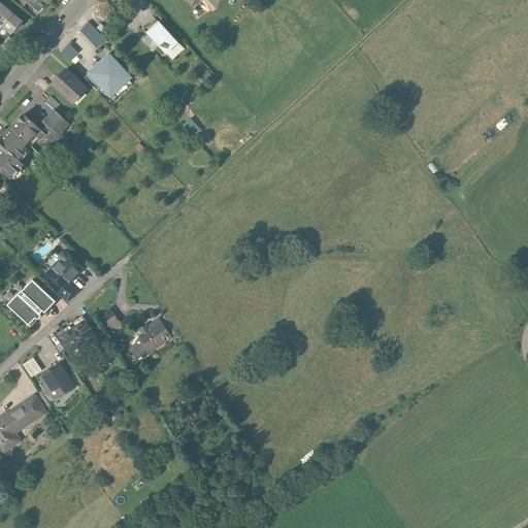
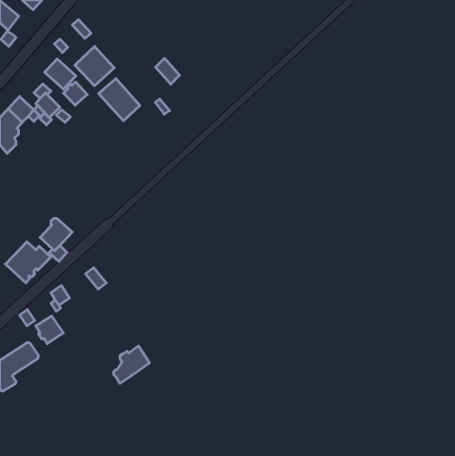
building: [147,23,175,53] -> [156,58,180,84]
building: none -> [99,79,140,121]
building: none -> [63,82,87,105]
building: [129,319,170,362] -> [114,346,149,383]
building: [71,322,98,351] -> none

